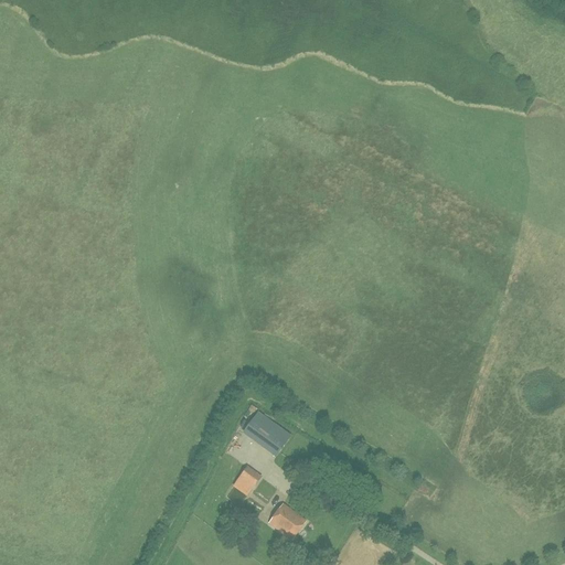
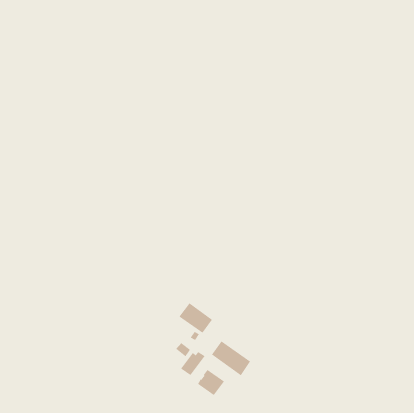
building: none -> [211,341,251,376]

